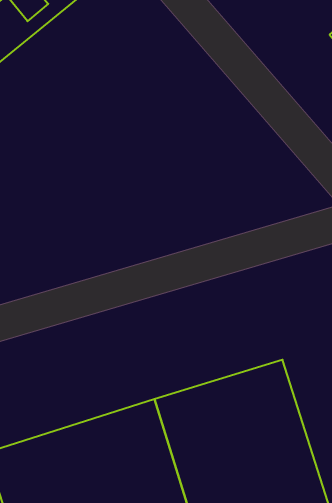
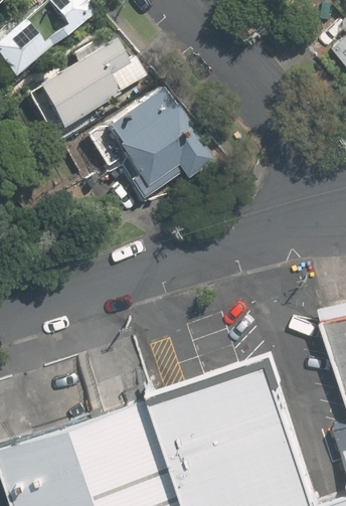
building: none -> [41,41,131,133]
building: none -> [86,94,211,203]

